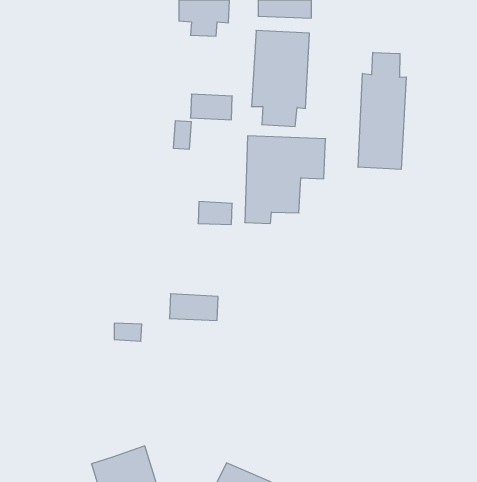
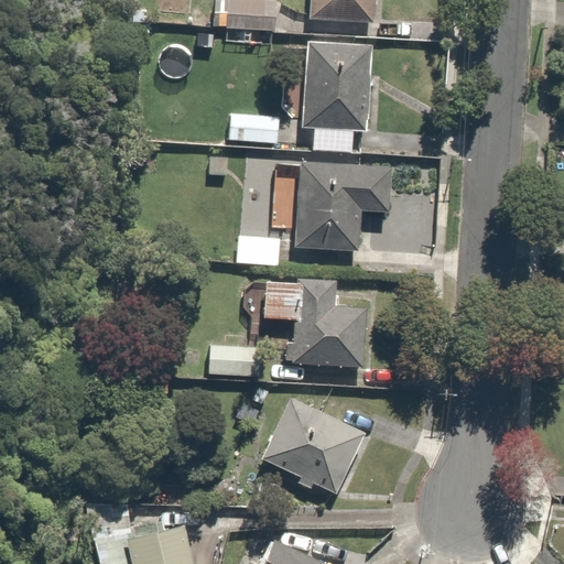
building: [358,52,406,169] -> none
building: none -> [259,281,369,368]
building: none -> [260,399,361,492]

